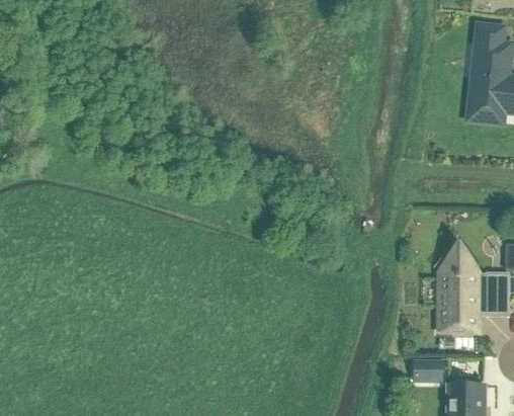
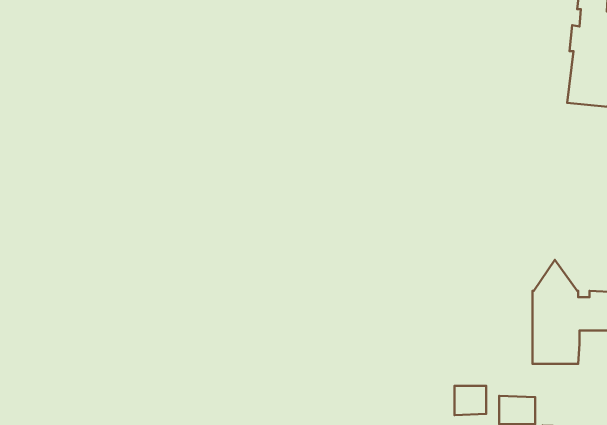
building: none -> [454,386,486,415]

